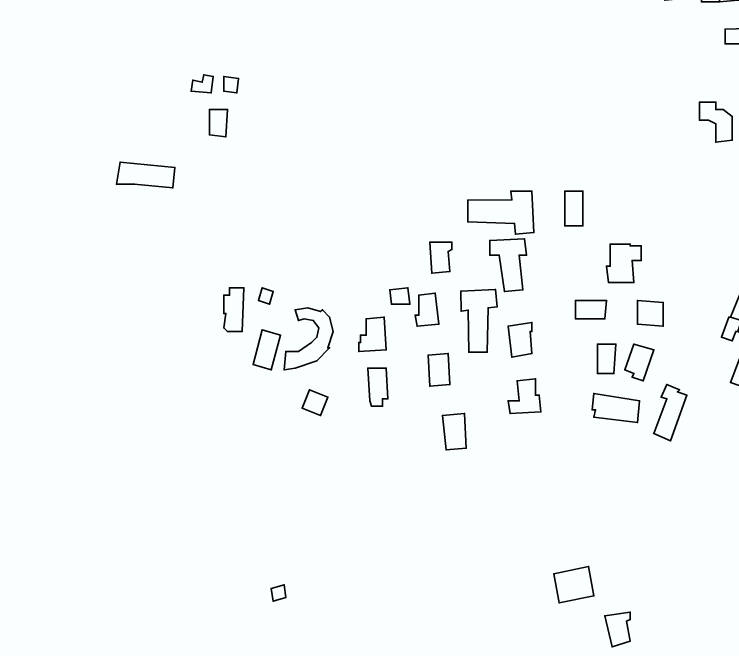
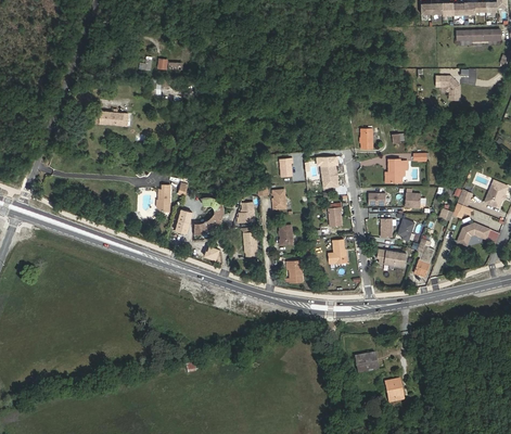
building: [468,191,534,234] -> none
building: [461,289,497,352] -> none

